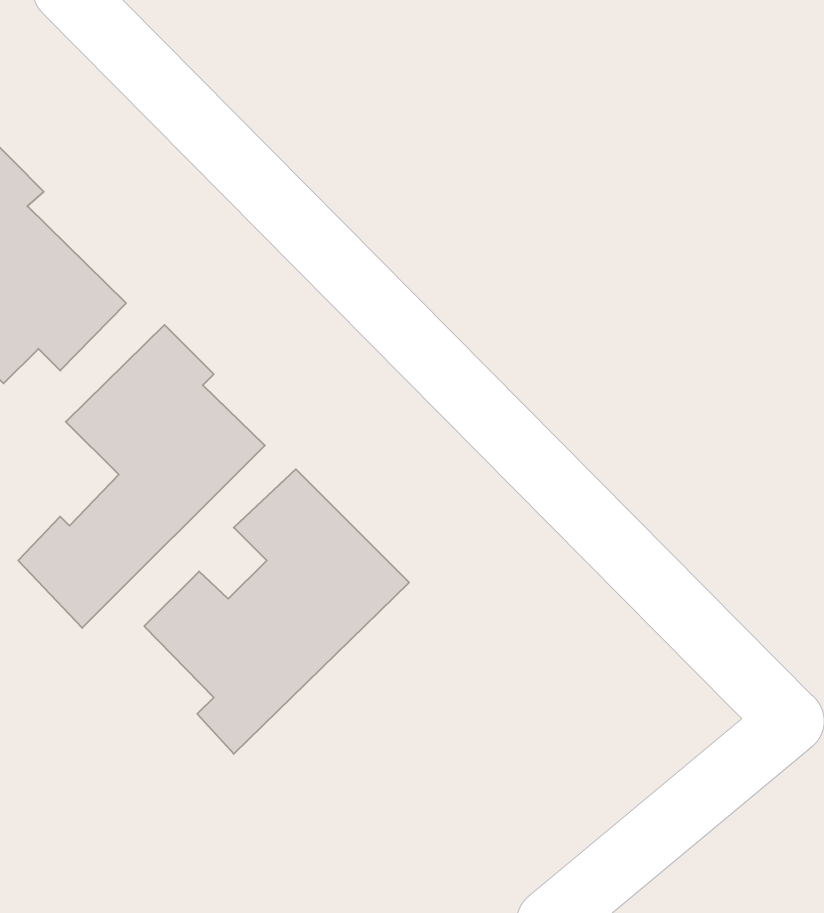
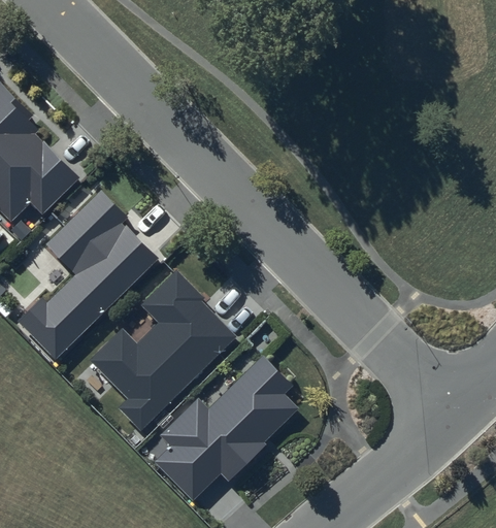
building: none -> [154,355,298,502]

